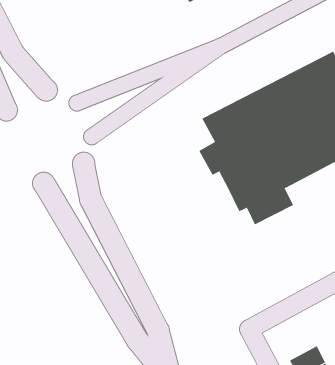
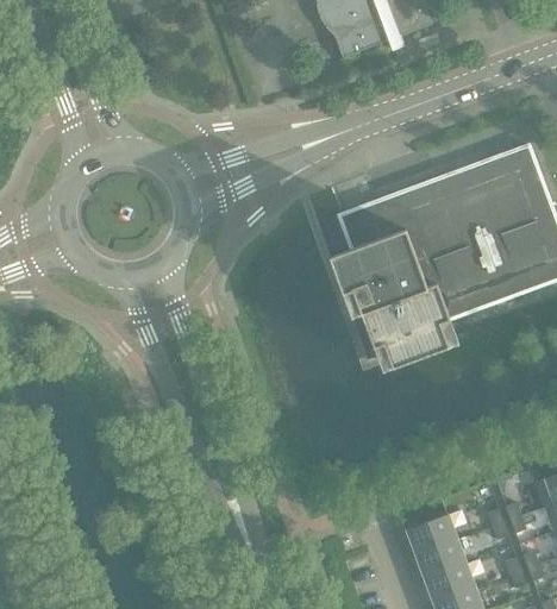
building: none -> [408,517,457,557]

